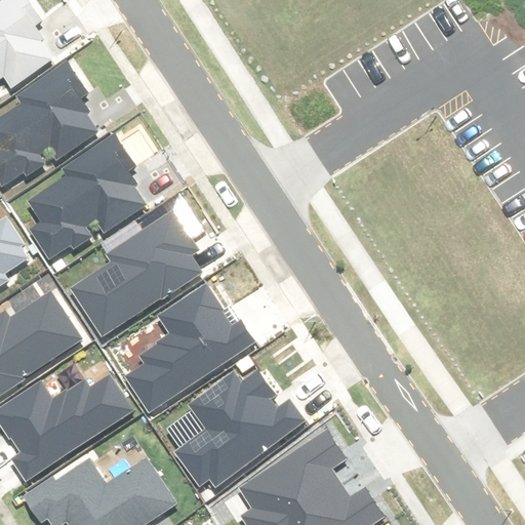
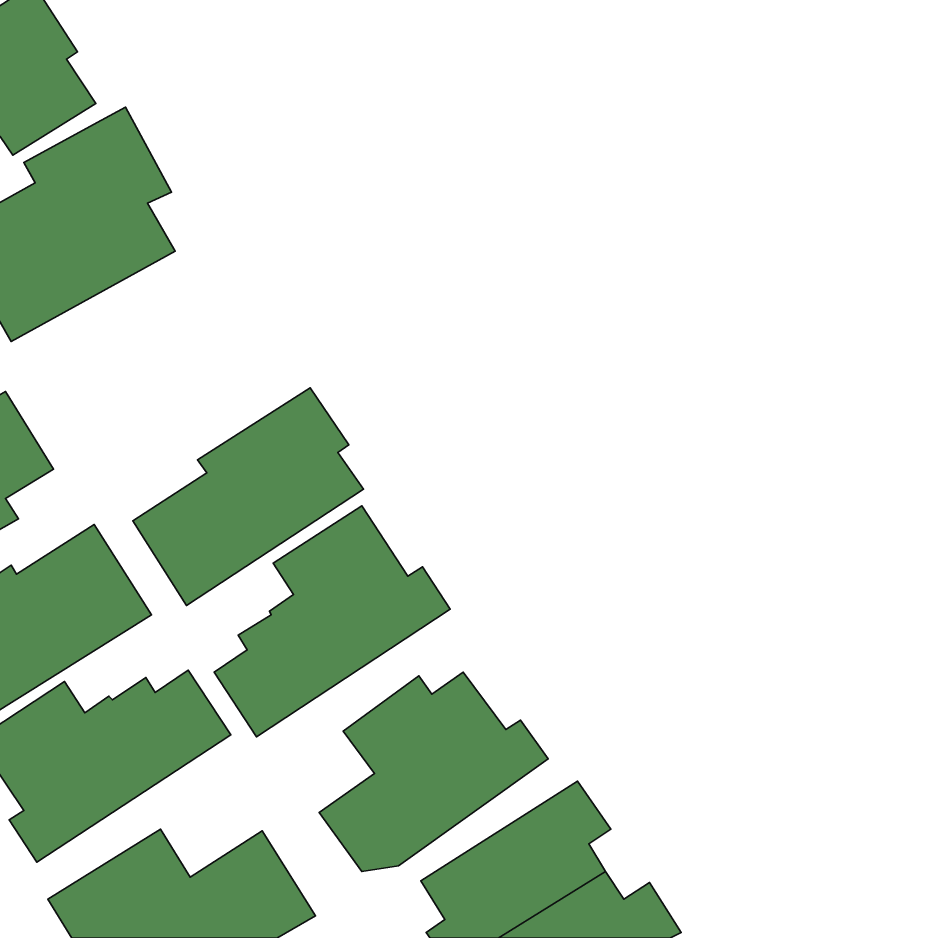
building: [28,134,148,262] -> none

